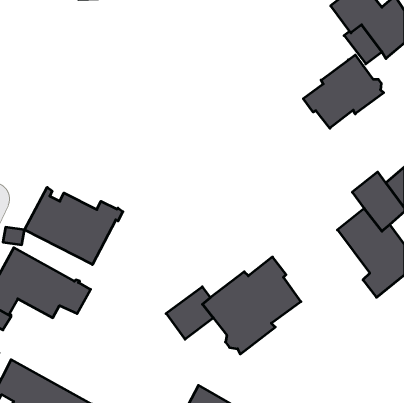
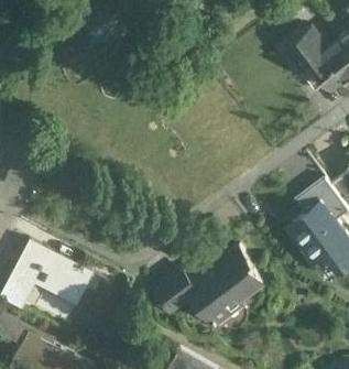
building: [303,55,384,128] -> none
building: [24,187,123,265] -> none

